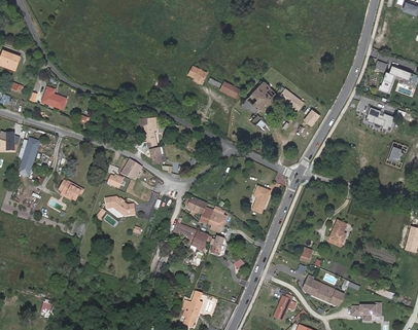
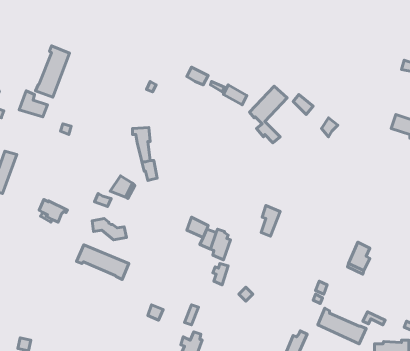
building: none -> [36,46,69,97]
building: none -> [76,245,129,279]
building: [174,222,208,249] -> none

